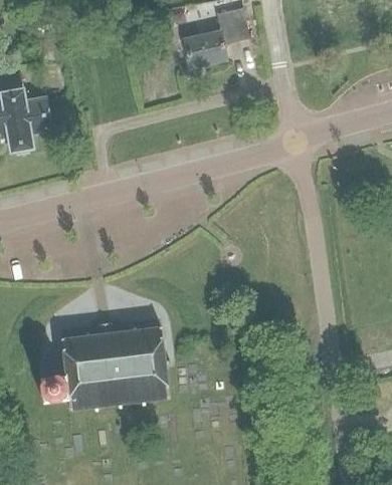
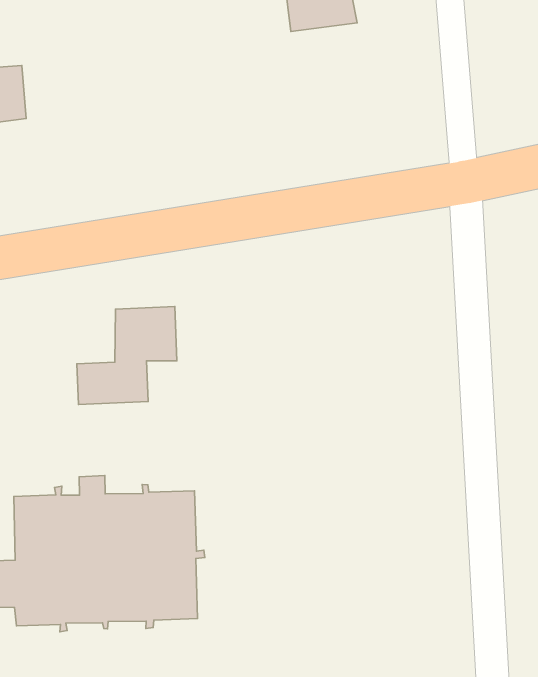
building: none -> [77,307,177,404]

